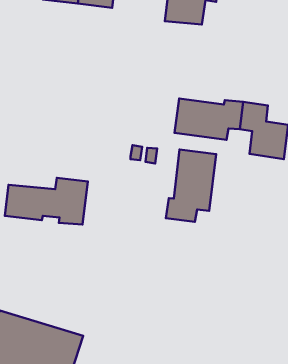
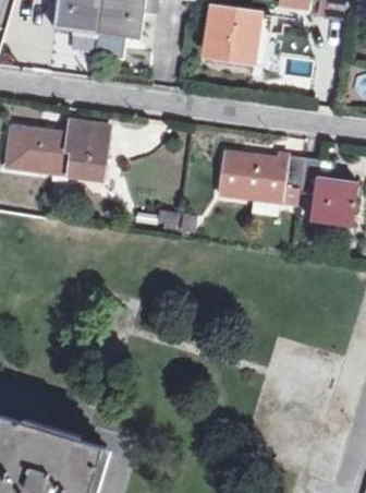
building: [166,149,216,222] -> none
building: [5,178,88,224] -> [7,121,109,179]

